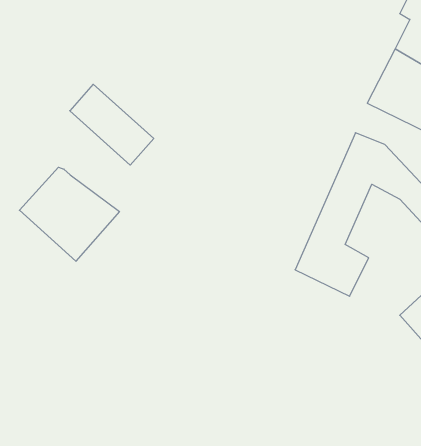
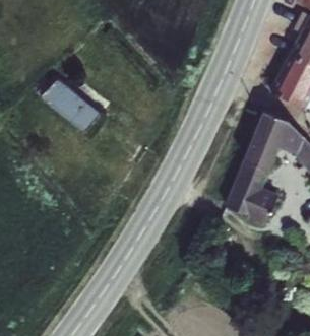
building: [19,167,119,261] -> none

